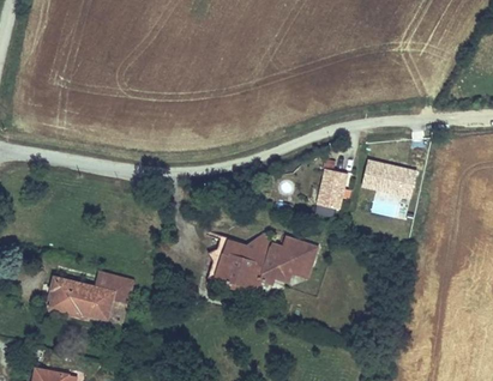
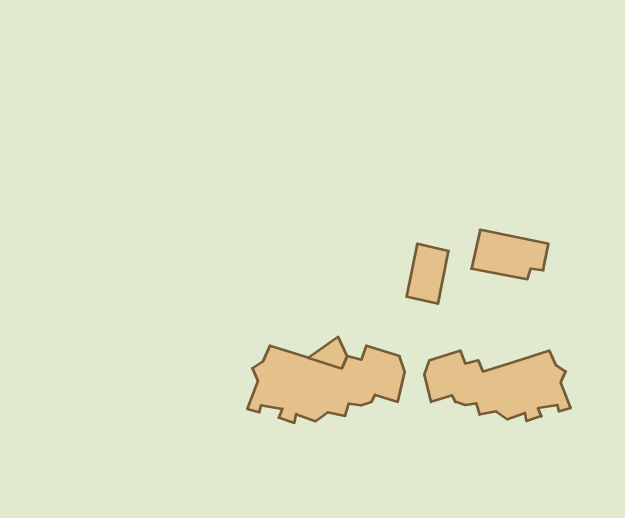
building: none -> [425,351,570,421]
building: [52,274,132,318] -> none

